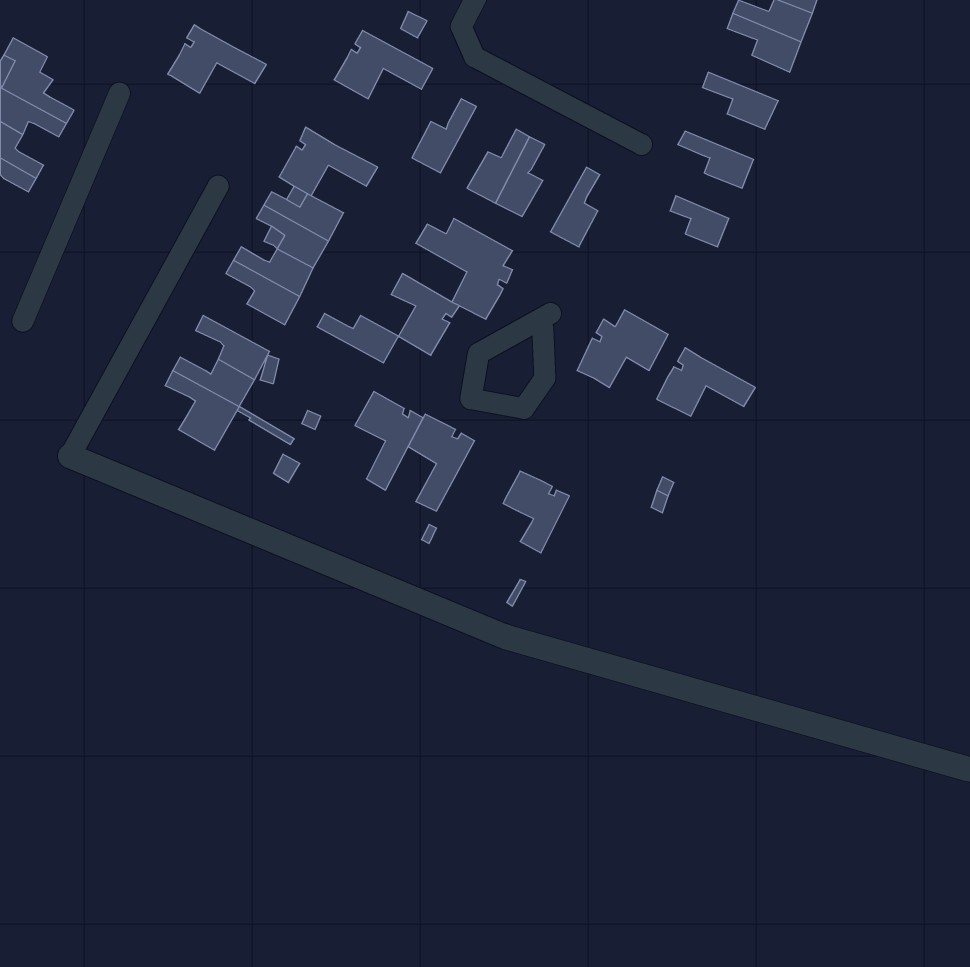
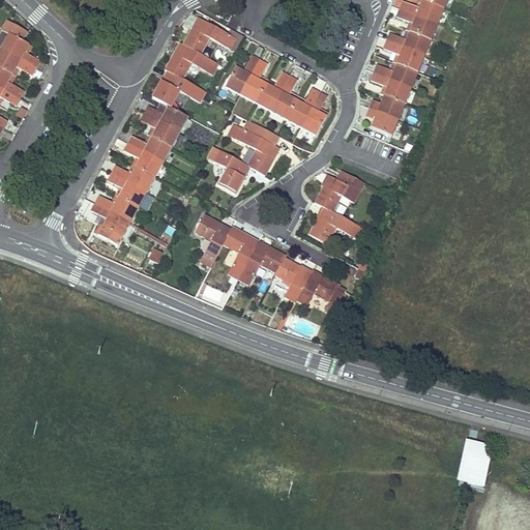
building: [168,25,266,93] -> [165,41,218,79]
building: none -> [386,30,431,55]
building: none -> [240,58,267,102]
building: none -> [374,62,417,87]
building: none -> [285,87,320,126]
building: none -> [369,95,405,119]
building: [317,313,399,363] -> [111,165,155,192]
building: [657,348,755,416] -> [308,206,362,243]
building: none -> [238,240,286,285]
building: none -> [296,268,345,312]
building: none -> [458,441,494,490]

